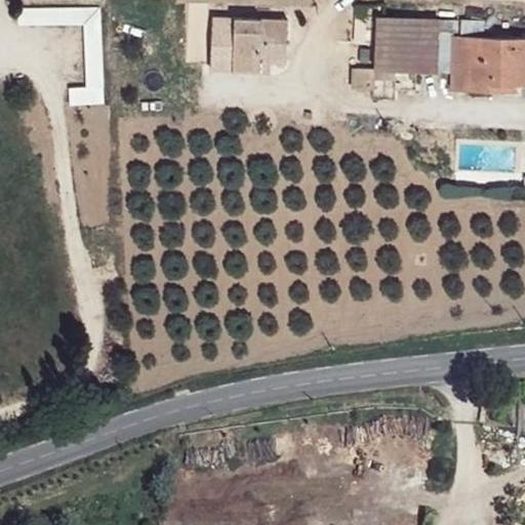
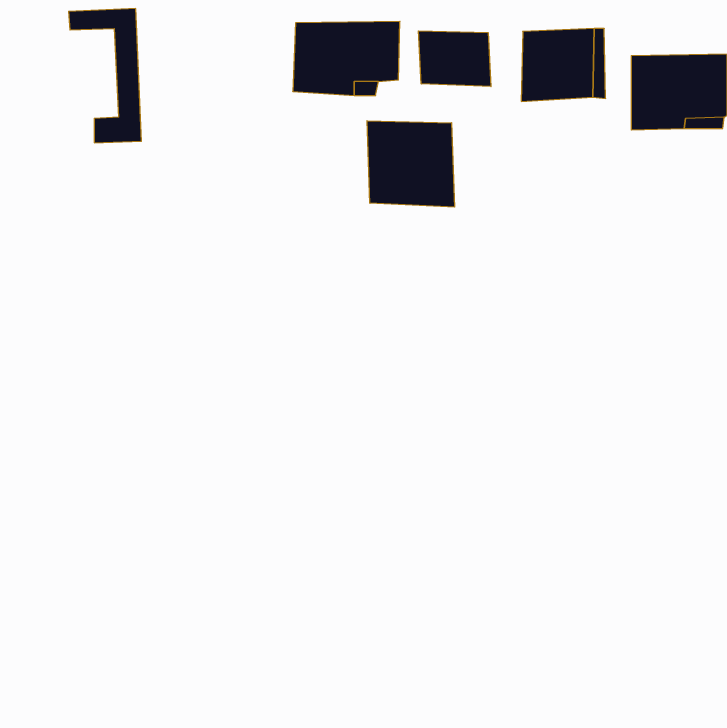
building: none -> [418,31,491,87]
building: none -> [367,121,455,207]

